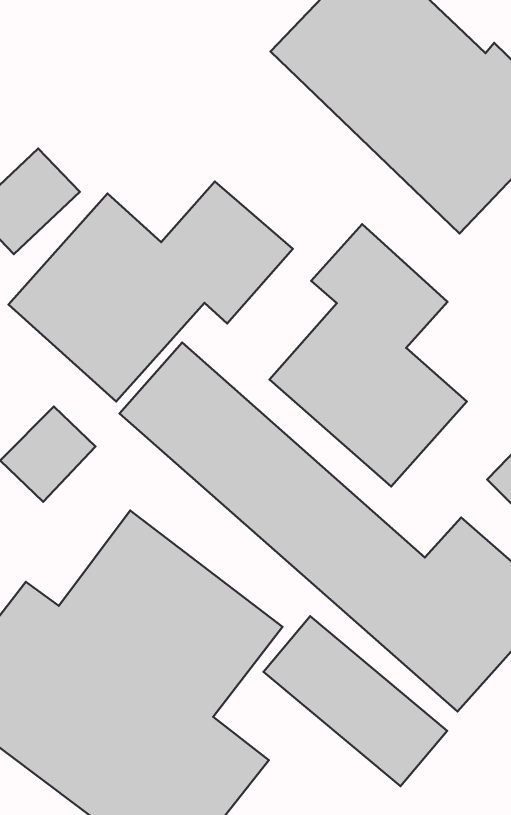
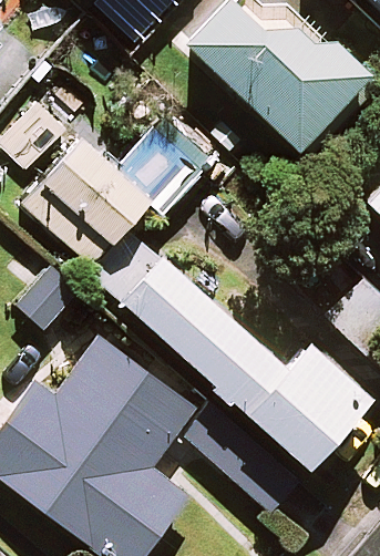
building: [270,224,467,486] -> none

